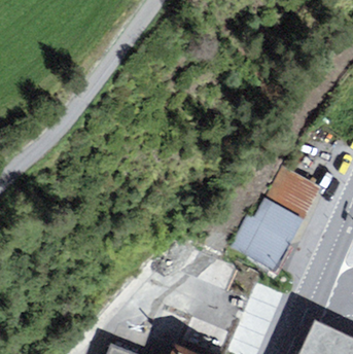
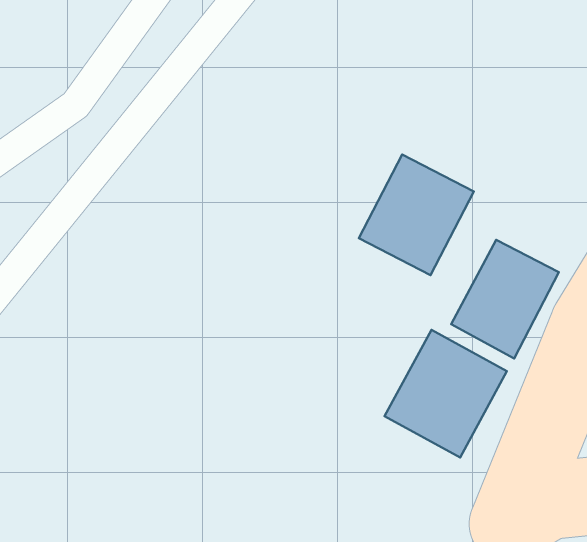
building: none -> [359,155,474,275]

